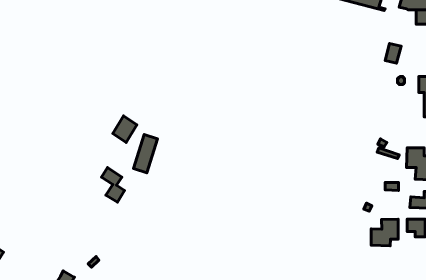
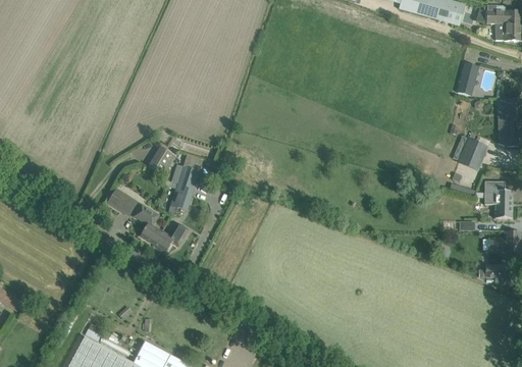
building: none -> [452,137,486,171]
building: none -> [107,191,136,216]
building: none -> [152,225,188,254]
building: [371,219,398,246] -> none

